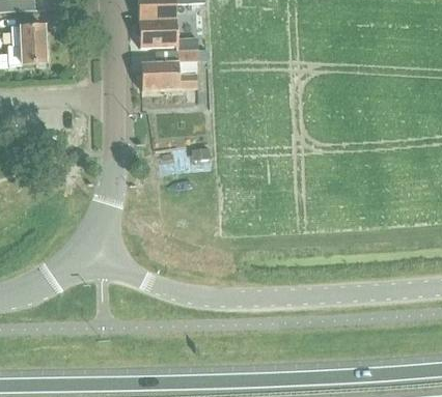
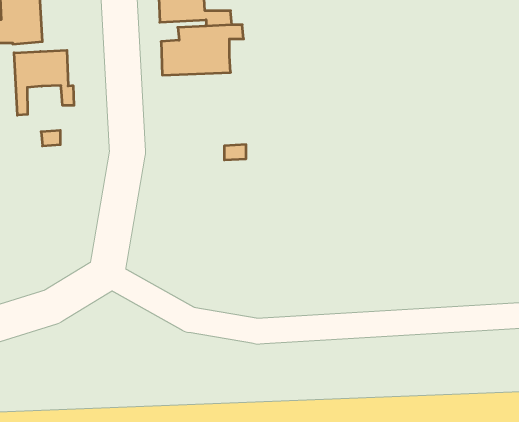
building: none -> [14,50,74,115]

